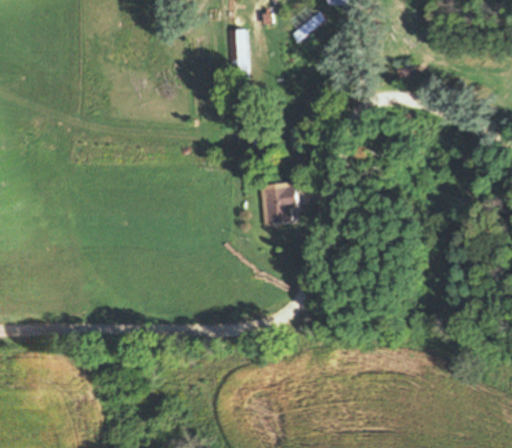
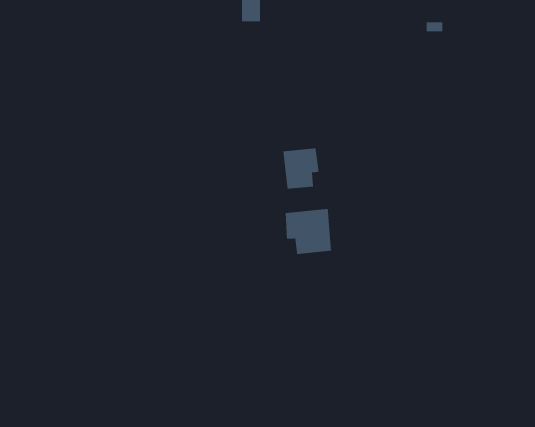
building: none -> [285,208,332,255]

